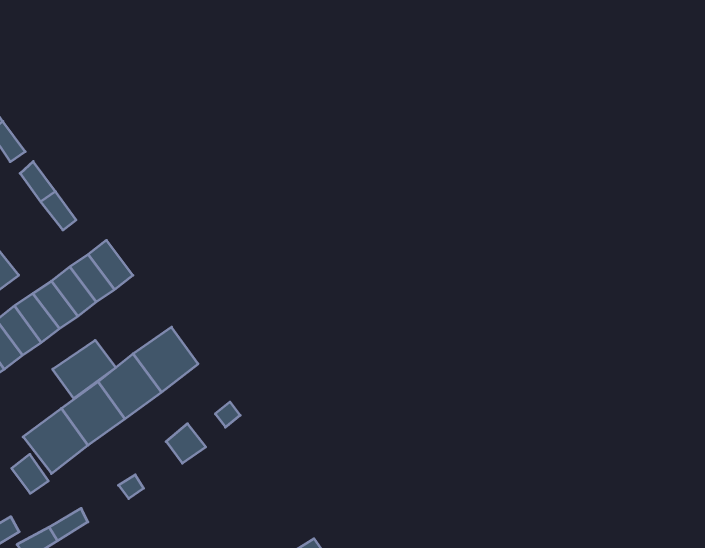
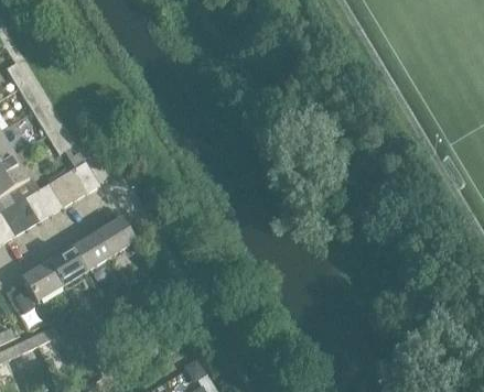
building: [53,340,116,399] -> none

